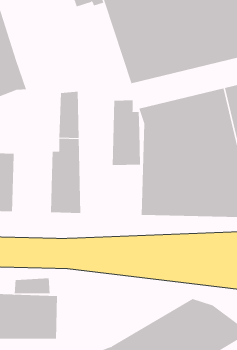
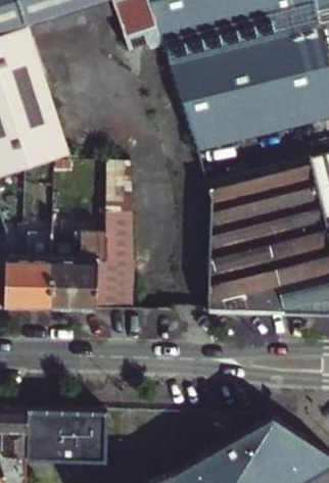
building: [112,100,141,166] -> none
building: none -> [51,234,99,309]
building: [14,277,50,294] -> none

